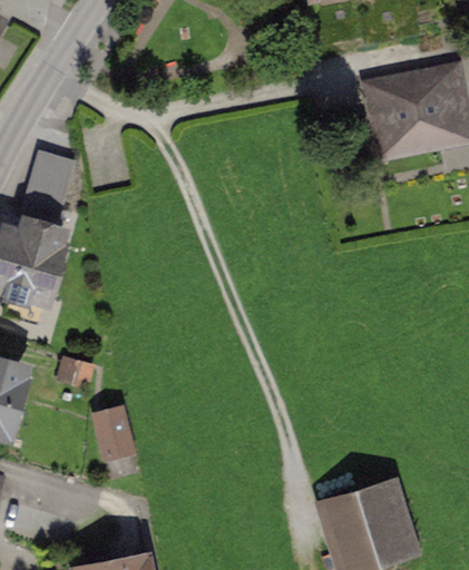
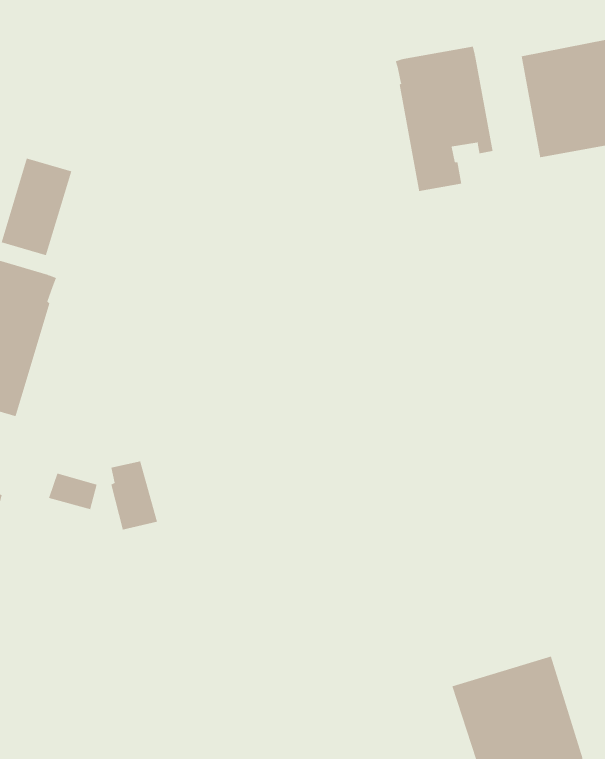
building: none -> [395,46,493,192]
building: [101,406,133,452] -> [110,461,158,530]

